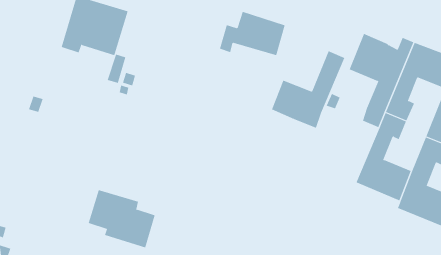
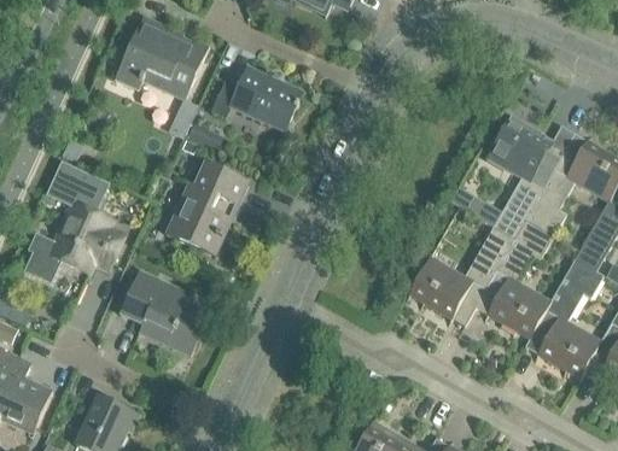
building: [219,11,286,56] -> [211,66,302,130]
building: [271,51,345,129] -> [409,227,514,326]
building: none -> [165,162,249,253]
building: none -> [29,160,126,279]

